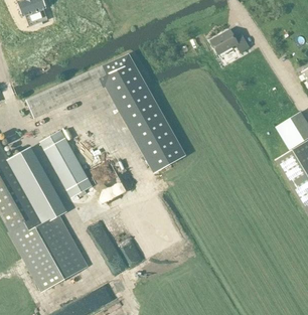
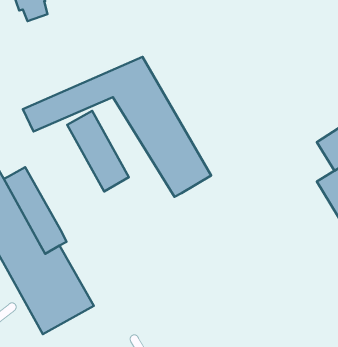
building: [212,28,251,53] -> none
building: [41,129,94,197] -> [67,111,129,191]

